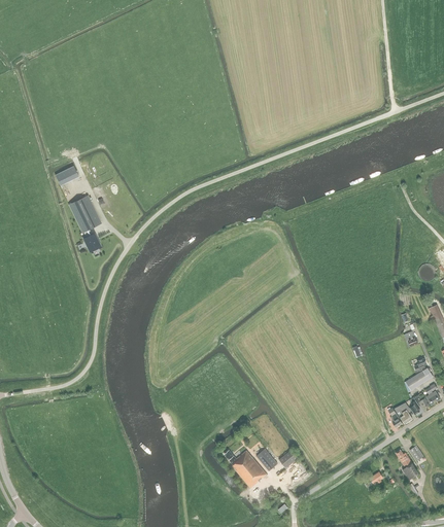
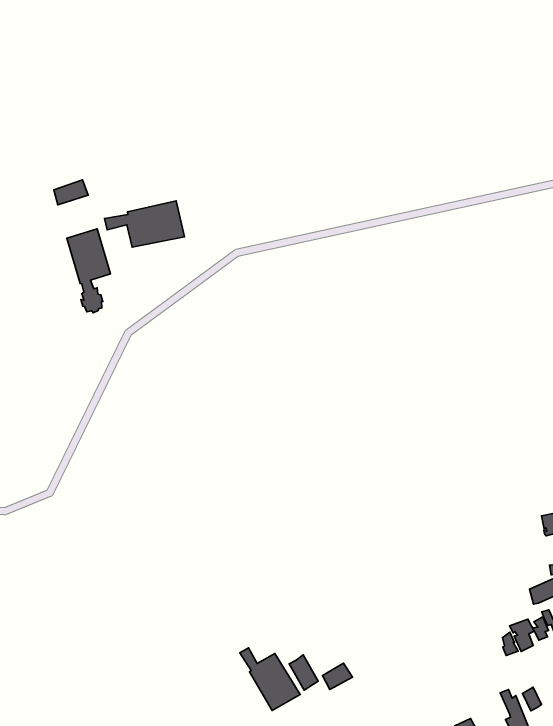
building: none -> [105,201,185,247]

